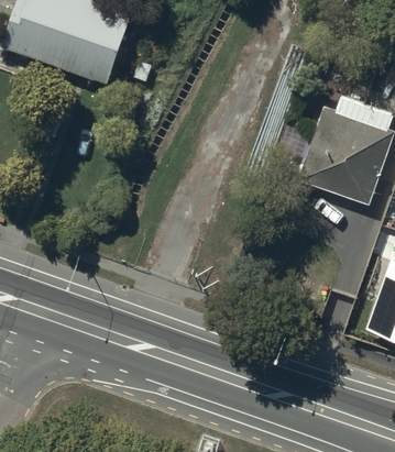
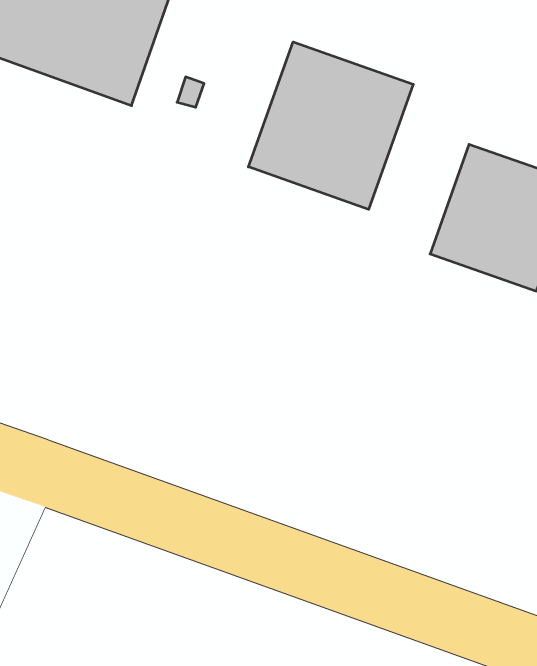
building: none -> [248,42,413,209]

